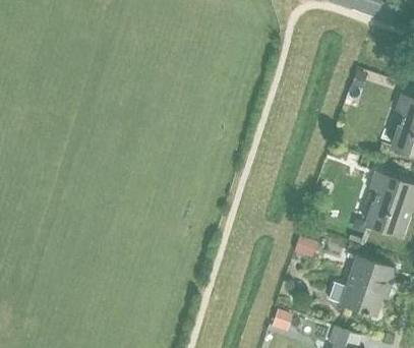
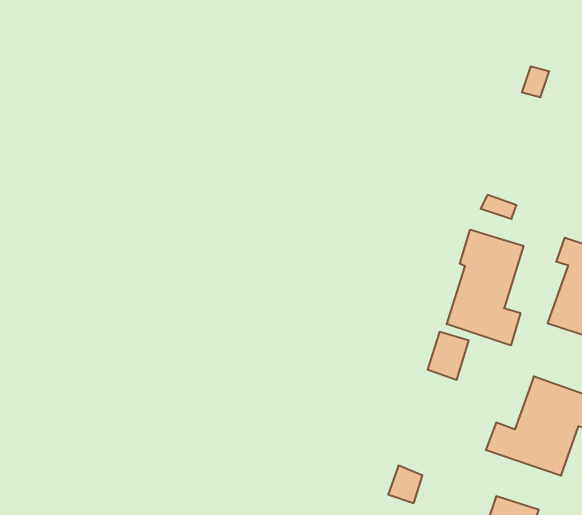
building: none -> [447,230,523,345]

